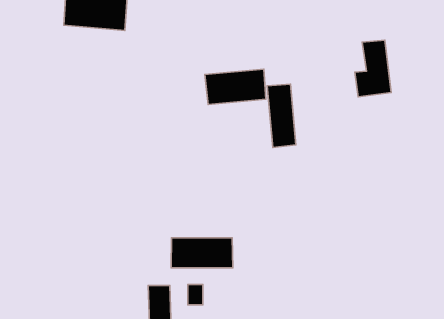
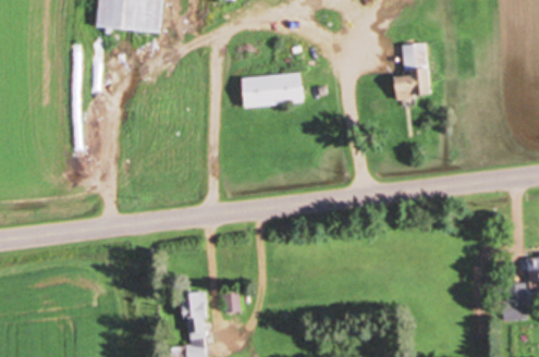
building: [267,84,296,148] -> none
building: [171,238,233,268] -> none

